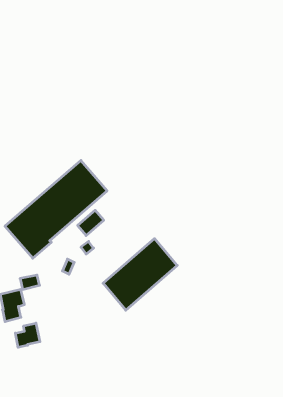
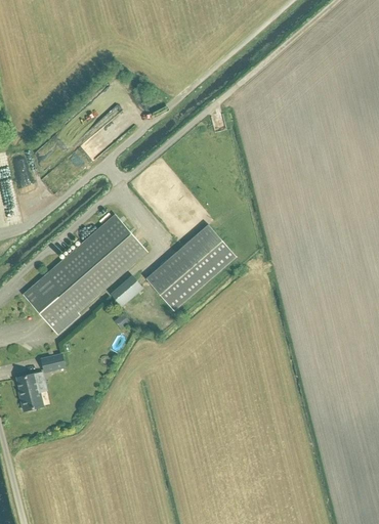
building: [103,239,177,310] -> [145,224,236,311]
building: [15,323,40,347] -> none

